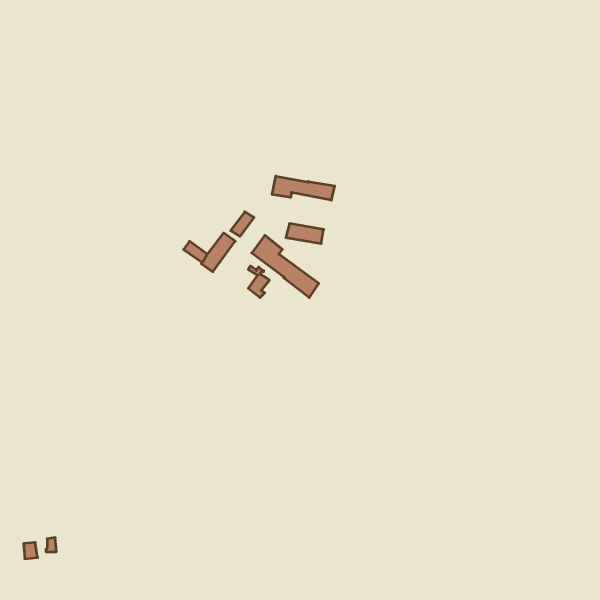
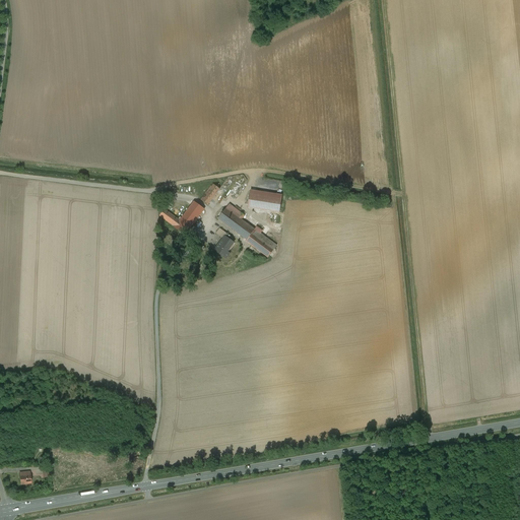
building: [272,176,335,200] -> none

